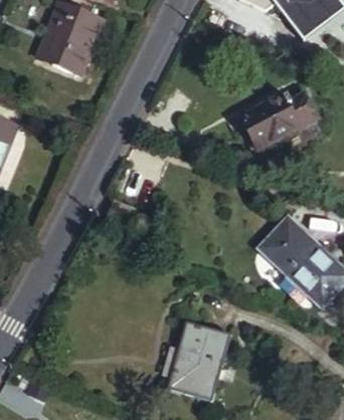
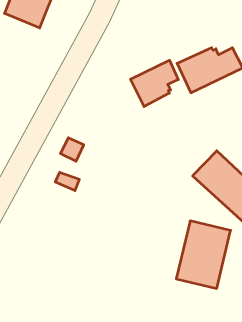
building: none -> [131,60,178,107]
building: [166,326,229,404] -> [176,221,231,288]

